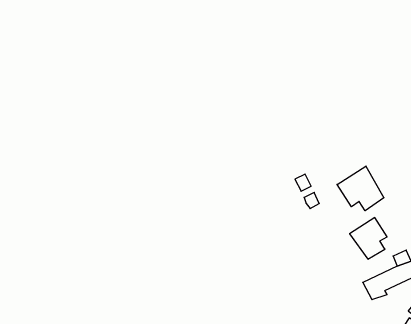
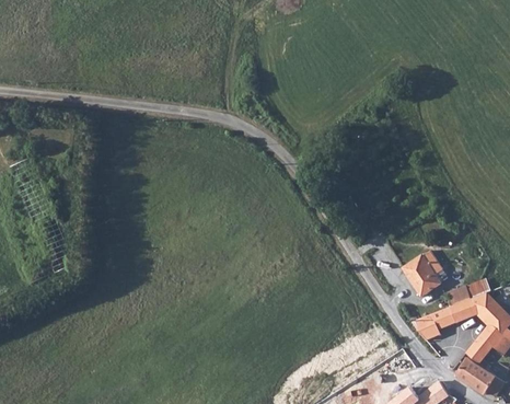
building: [337,166,384,211] -> none

